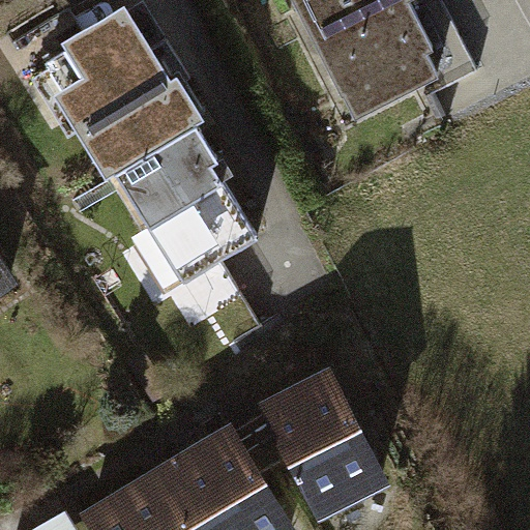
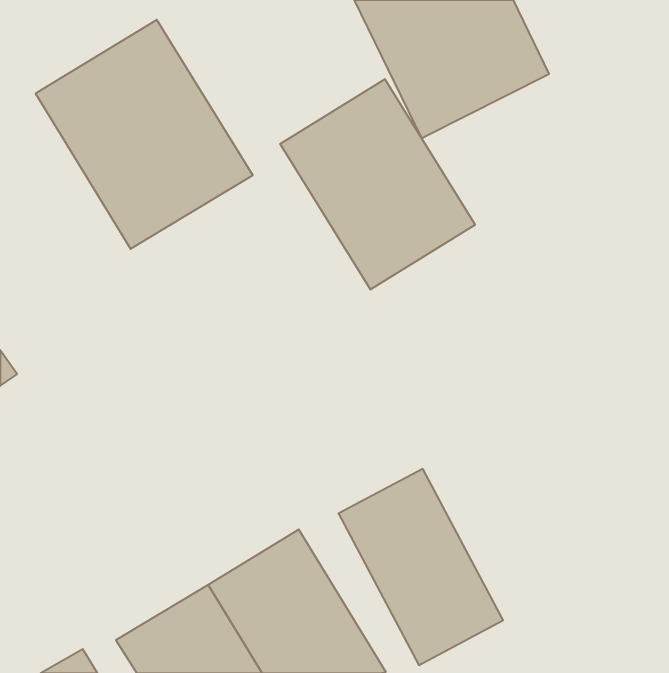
building: none -> [280,79,475,290]
building: [106,138,271,307] -> none

